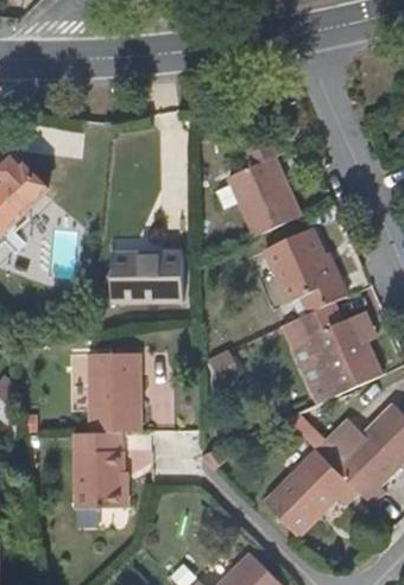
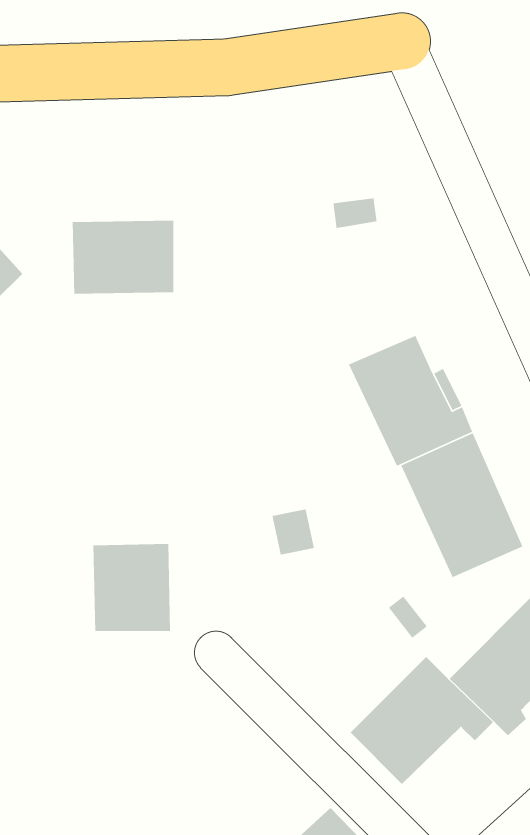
building: [226,157,301,237] -> none
building: [112,252,182,303] -> [72,220,174,294]
building: [72,432,125,507] -> none

